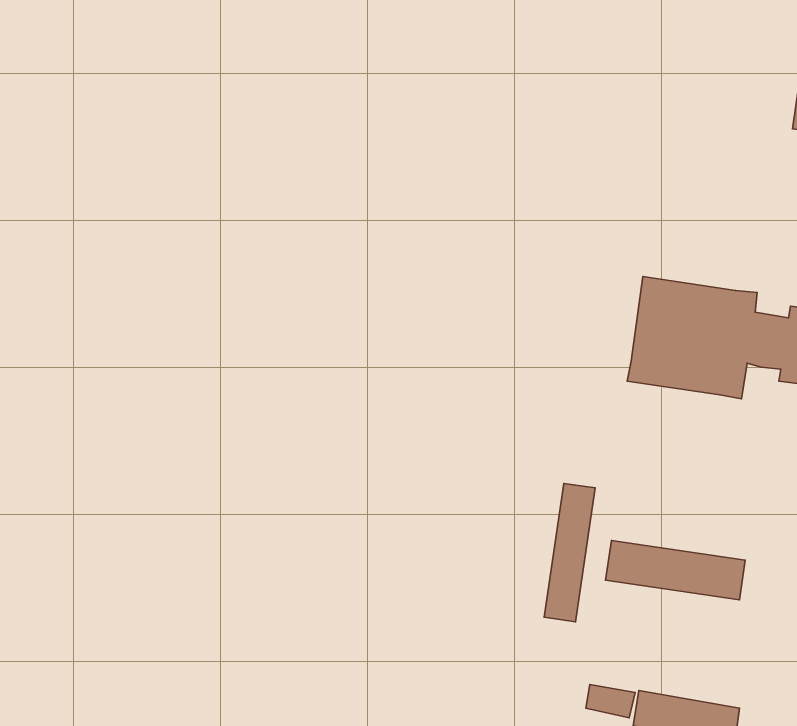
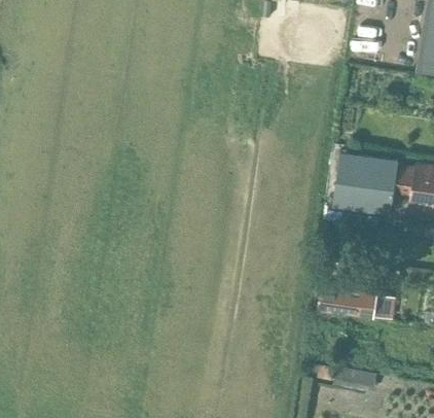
building: [544,483,595,622] -> none

